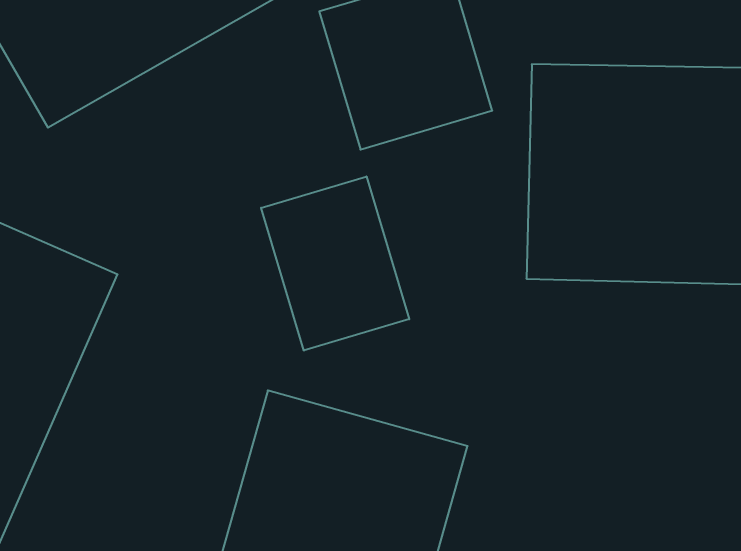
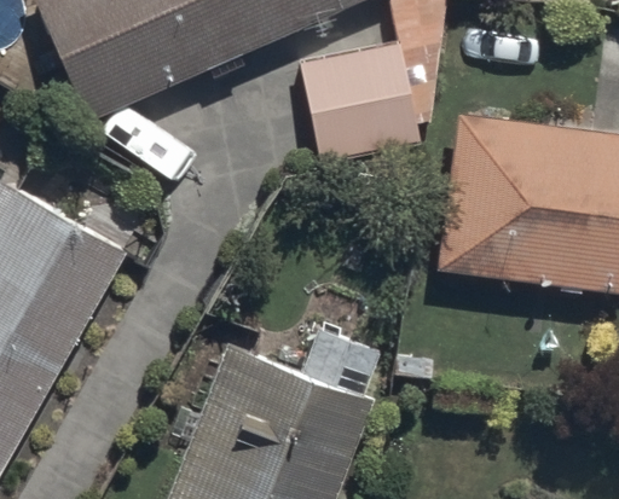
building: [261,176,409,351] -> none

